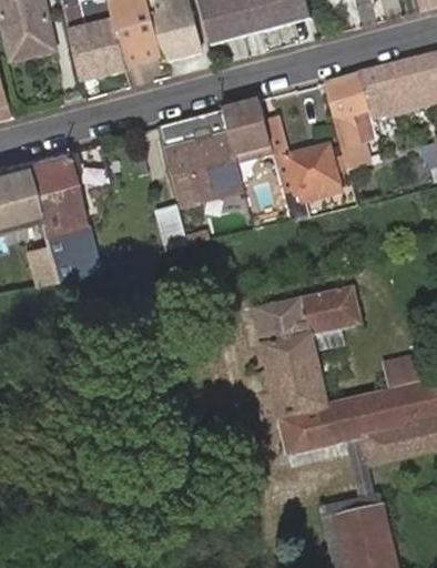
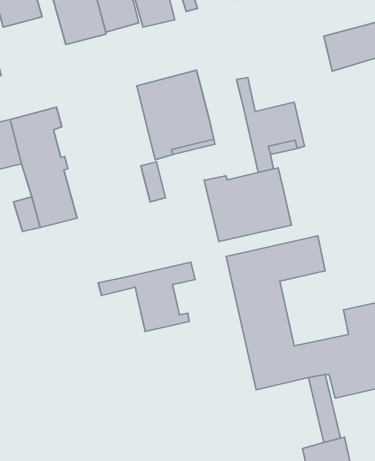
building: [326,72,369,173] -> none
building: [223,99,274,160] -> none
building: none -> [204,168,291,242]
building: none -> [98,262,195,332]

